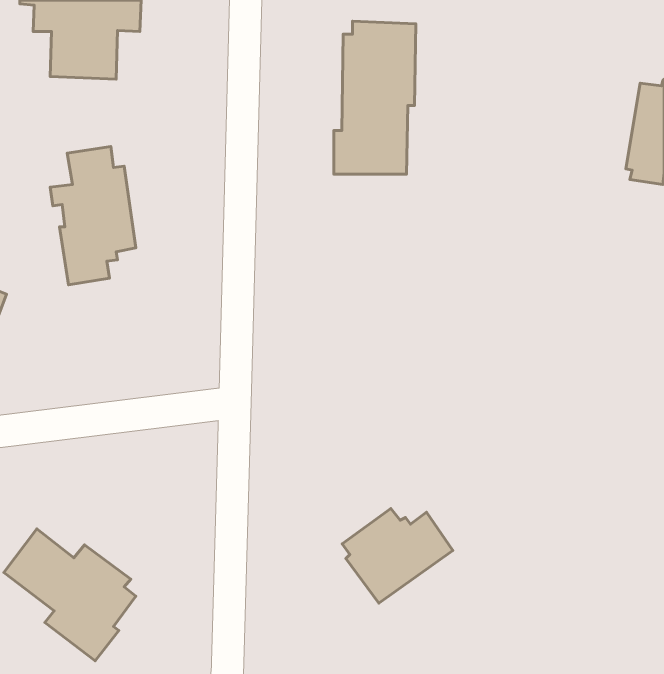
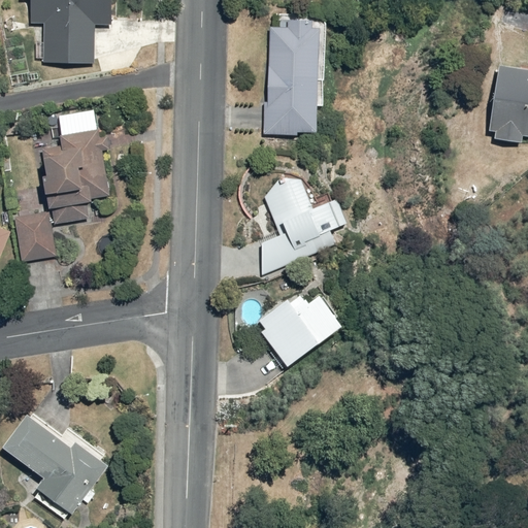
building: none -> [259,175,346,278]
building: none -> [10,207,53,262]
building: [342,508,453,603] -> [261,295,348,369]

